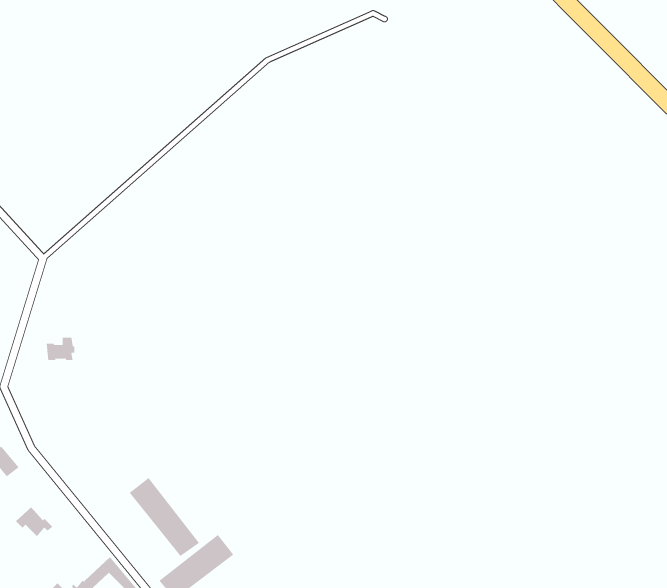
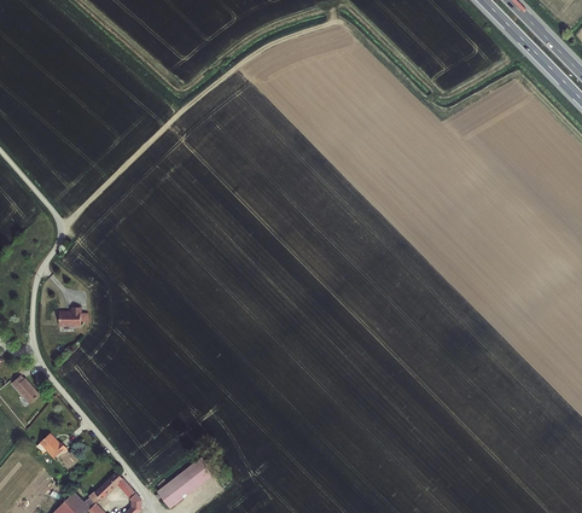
building: [129,477,200,557] -> none

